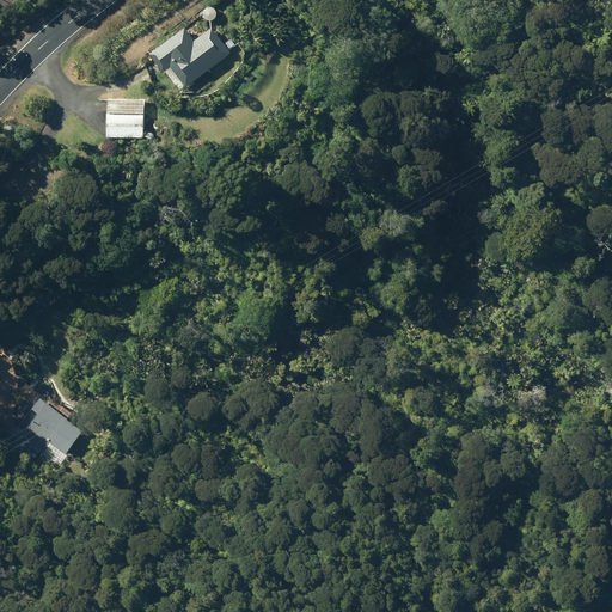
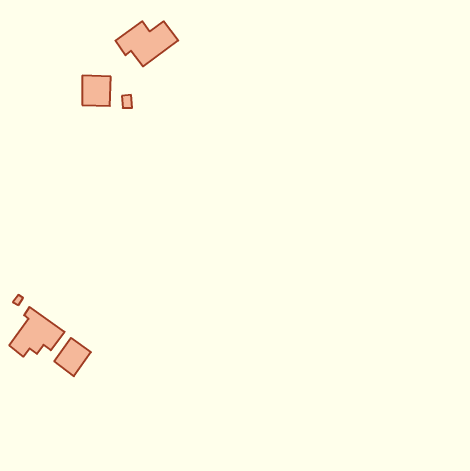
building: none -> [54,338,91,376]

